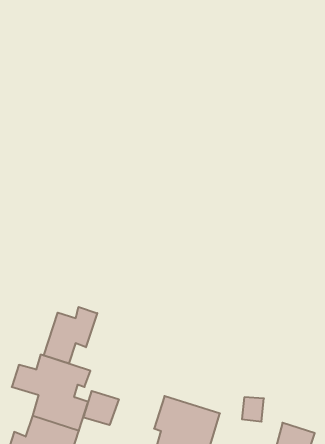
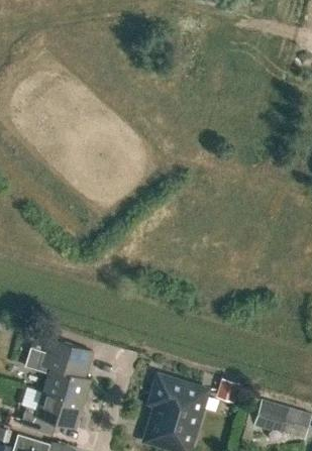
building: [44,307,97,364] -> none
building: [83,391,119,425] -> none

